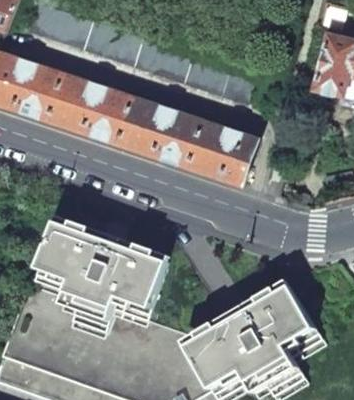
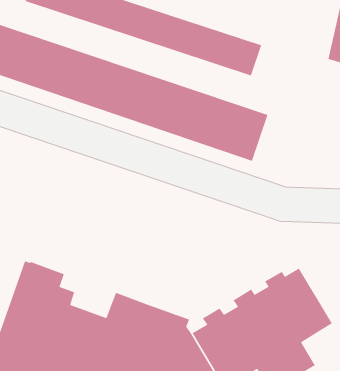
building: [34,221,167,332] -> none

